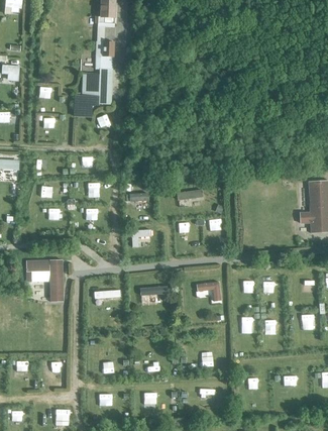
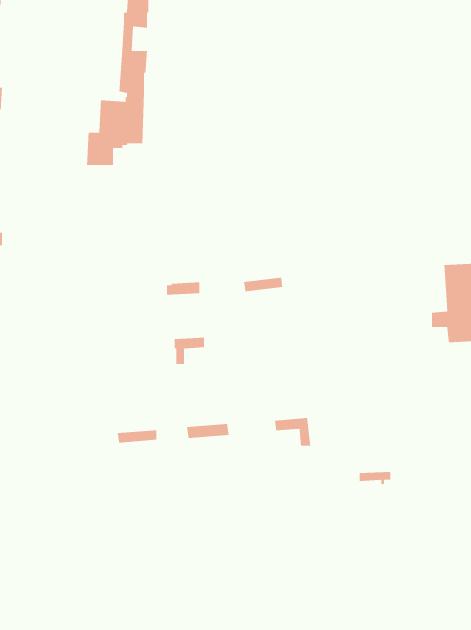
building: [26,259,63,293] -> none

